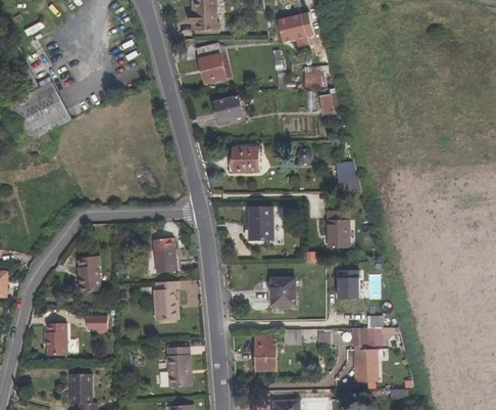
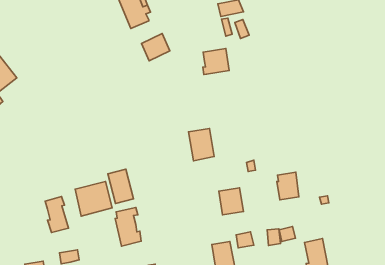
building: [230,147,258,172] -> [203,49,229,75]
building: [336,162,361,191] -> none
building: [323,210,348,248] -> none
building: none -> [75,181,112,216]
building: [352,320,388,346] -> none

